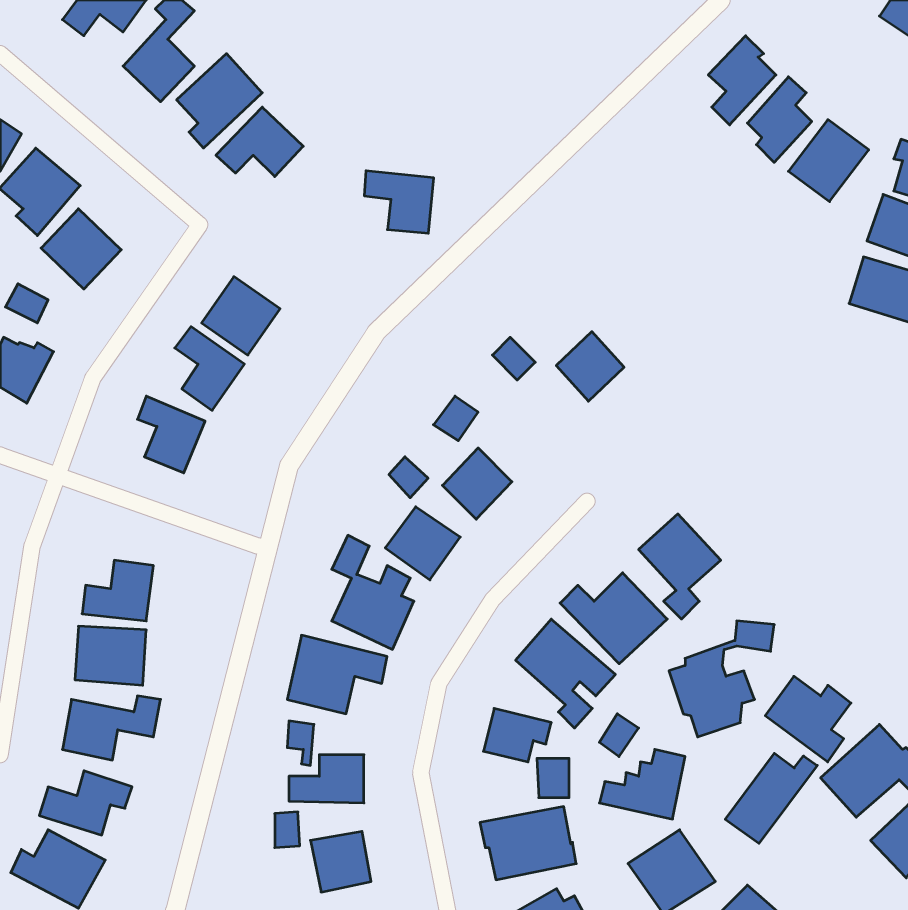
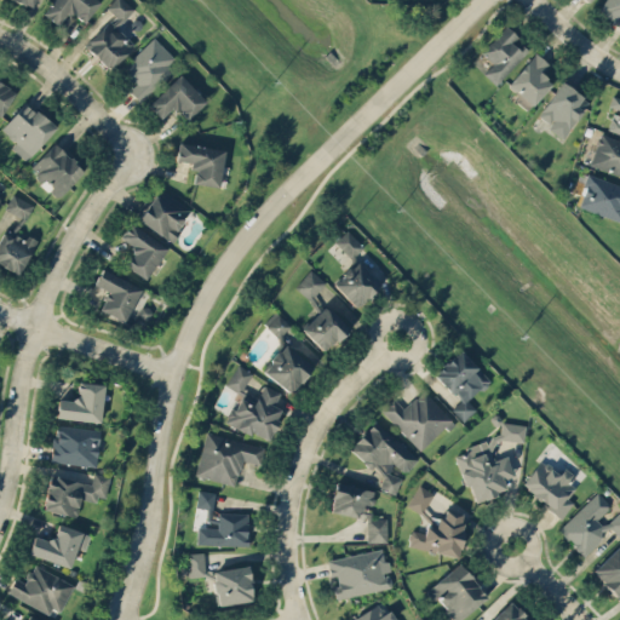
building: [364,171,434,233] -> [178,144,225,186]
building: [556,332,624,401] -> [335,262,381,309]
building: [725,753,817,843] -> none

